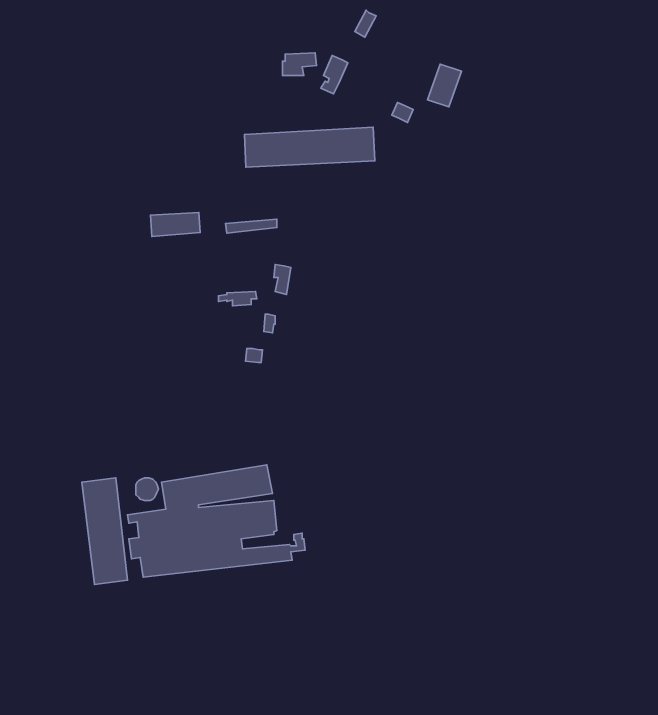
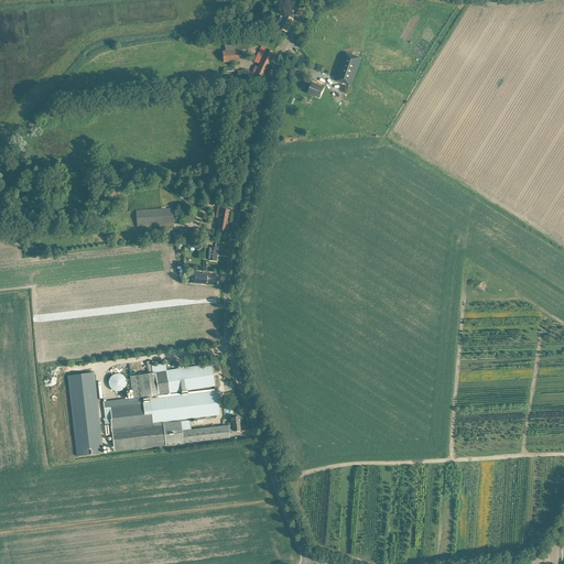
building: [245,127,375,167] -> none
building: [150,212,200,237] -> [135,207,174,226]

